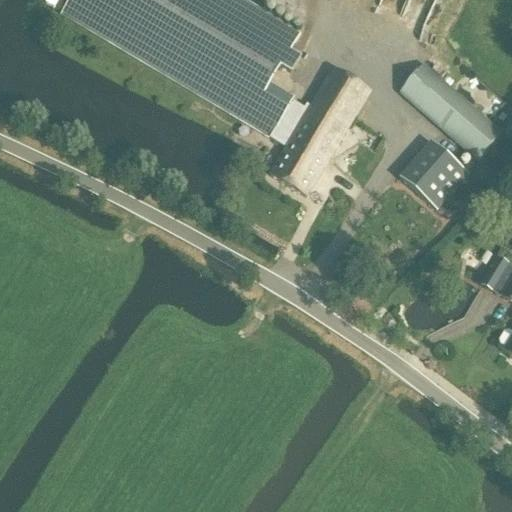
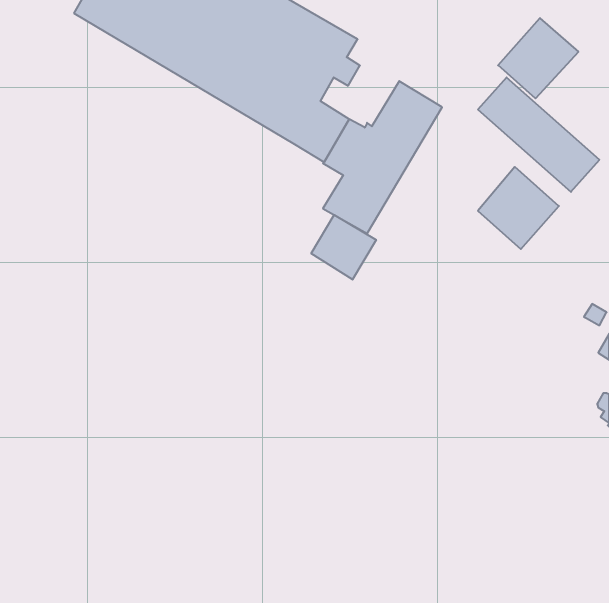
building: none -> [498,18,578,98]
building: none -> [311,215,376,280]

